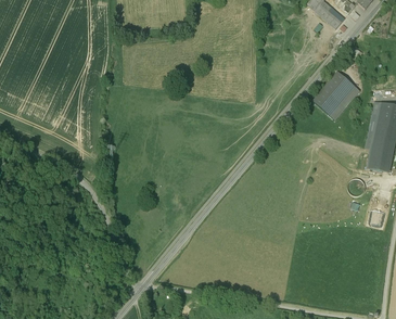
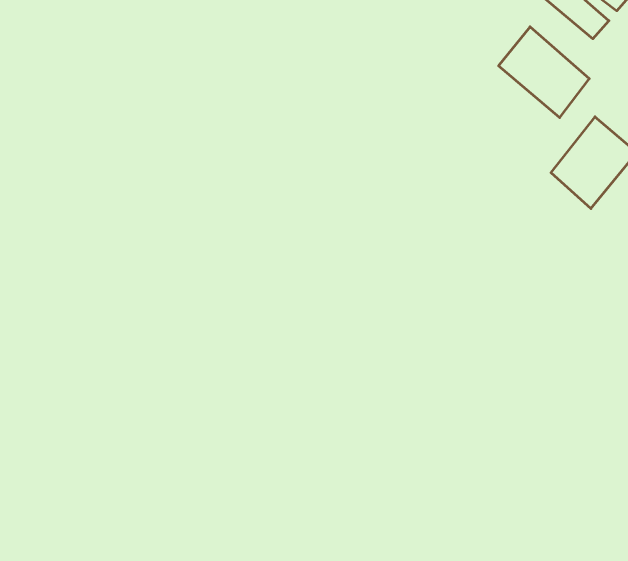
building: none -> [499,27,589,118]

